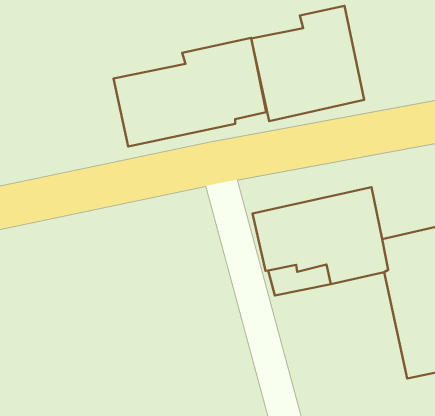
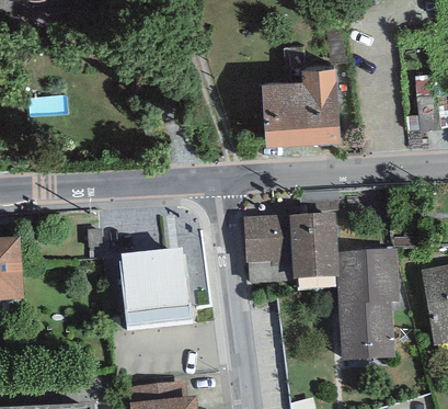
building: [113,38,266,147] -> none
building: none -> [119,247,191,330]

